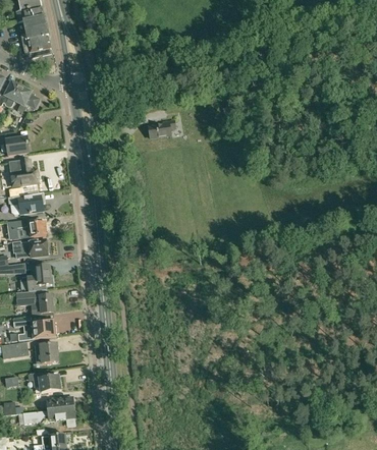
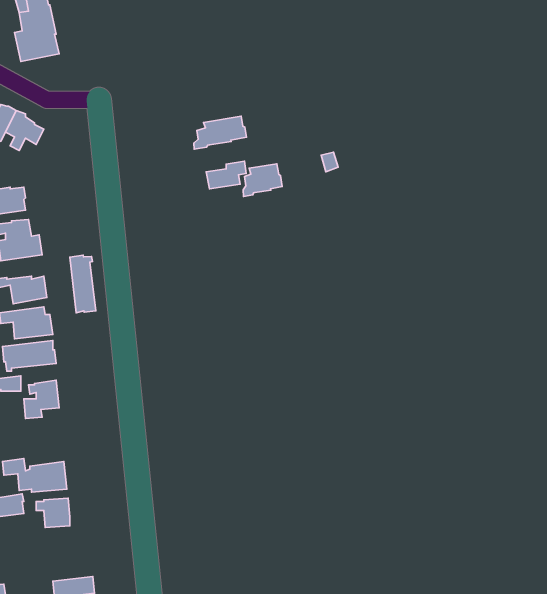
building: none -> [194,116,247,149]
building: none -> [243,164,282,196]
building: none -> [70,255,96,313]
building: [16,290,54,317] -> none
building: [30,372,61,394] -> none

